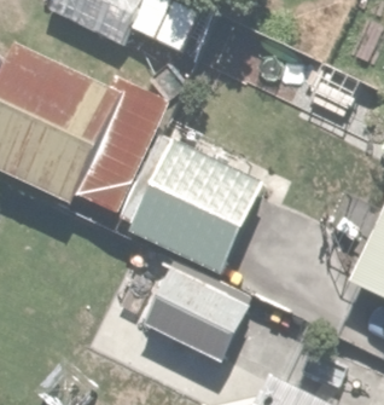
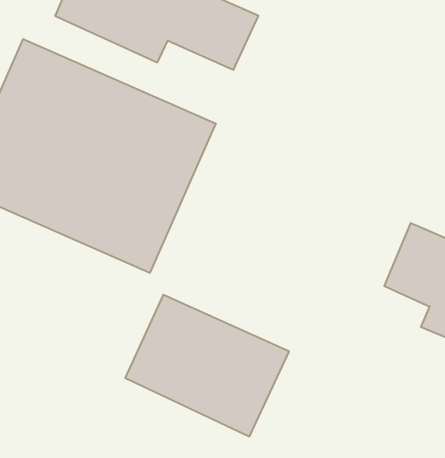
building: [136,150,261,274] -> none

